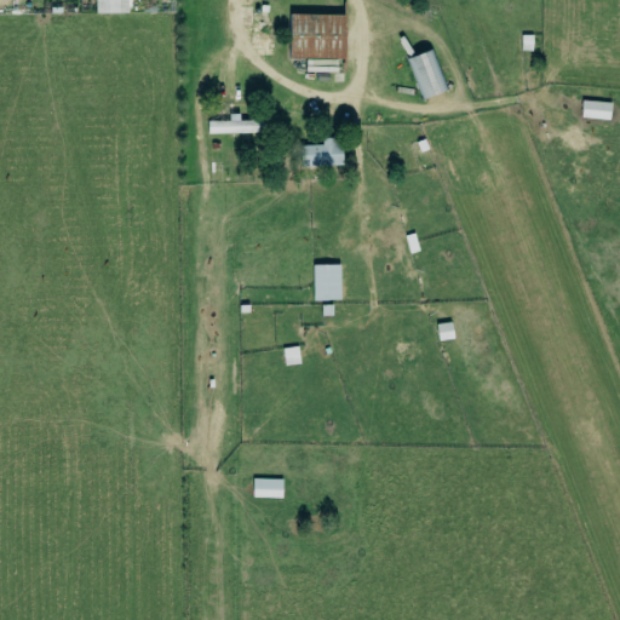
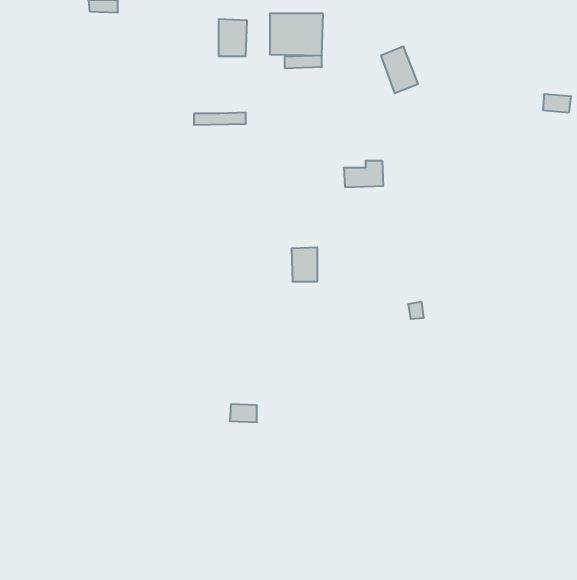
building: none -> [219,19,247,56]
building: [302,138,344,166] -> [344,161,383,187]
building: [254,478,283,498] -> [230,404,257,422]

